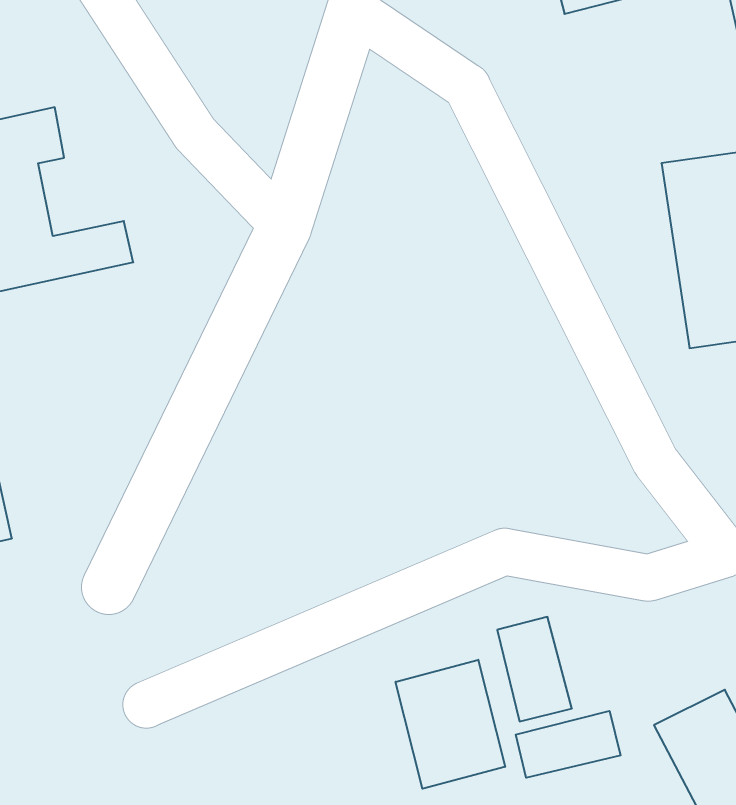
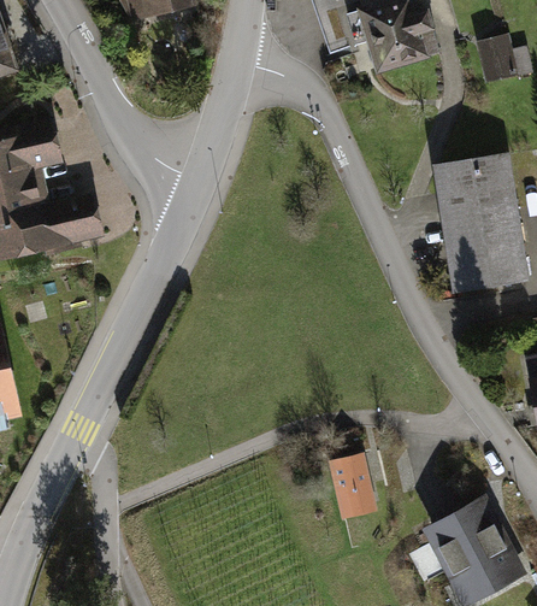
building: [396,660,505,789] -> none
building: [516,711,621,778] -> none

